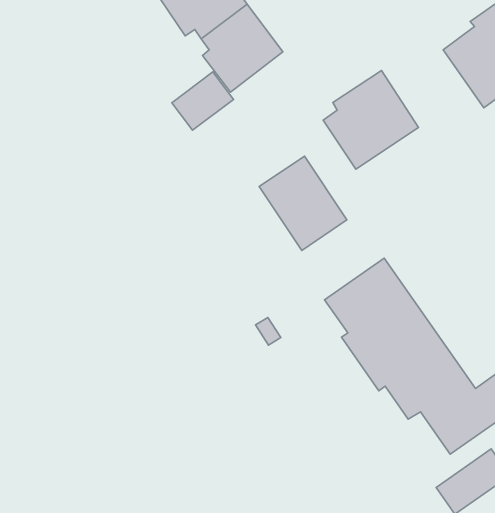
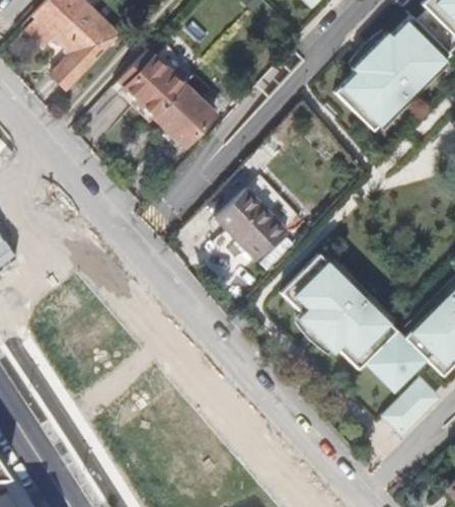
building: [323,71,418,169] -> none
building: [172,72,234,130] -> none

